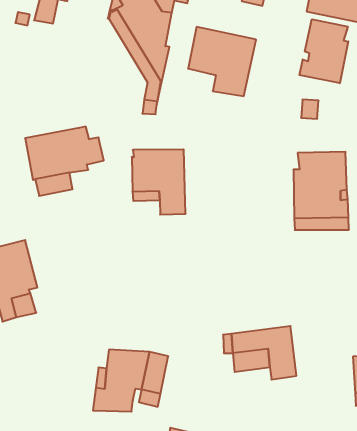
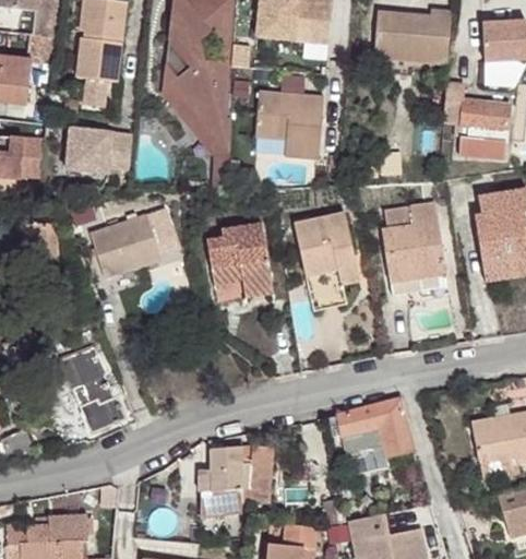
building: [299,19,348,83] -> none
building: none -> [64,129,132,174]
building: none -> [292,211,359,310]

